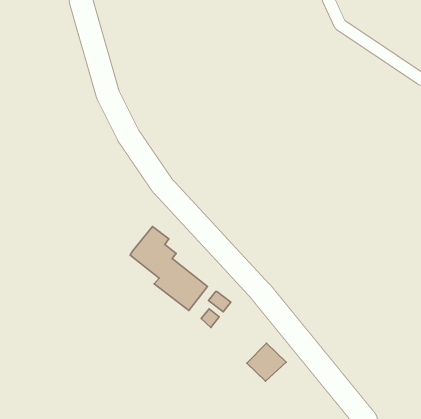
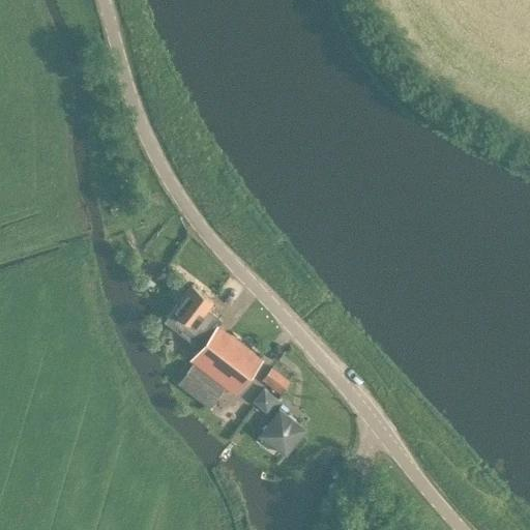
building: none -> [178,364,225,409]
building: [247,343,286,381] -> [260,409,310,457]

